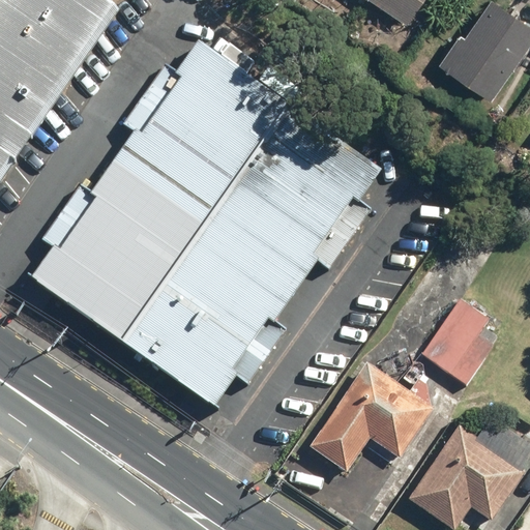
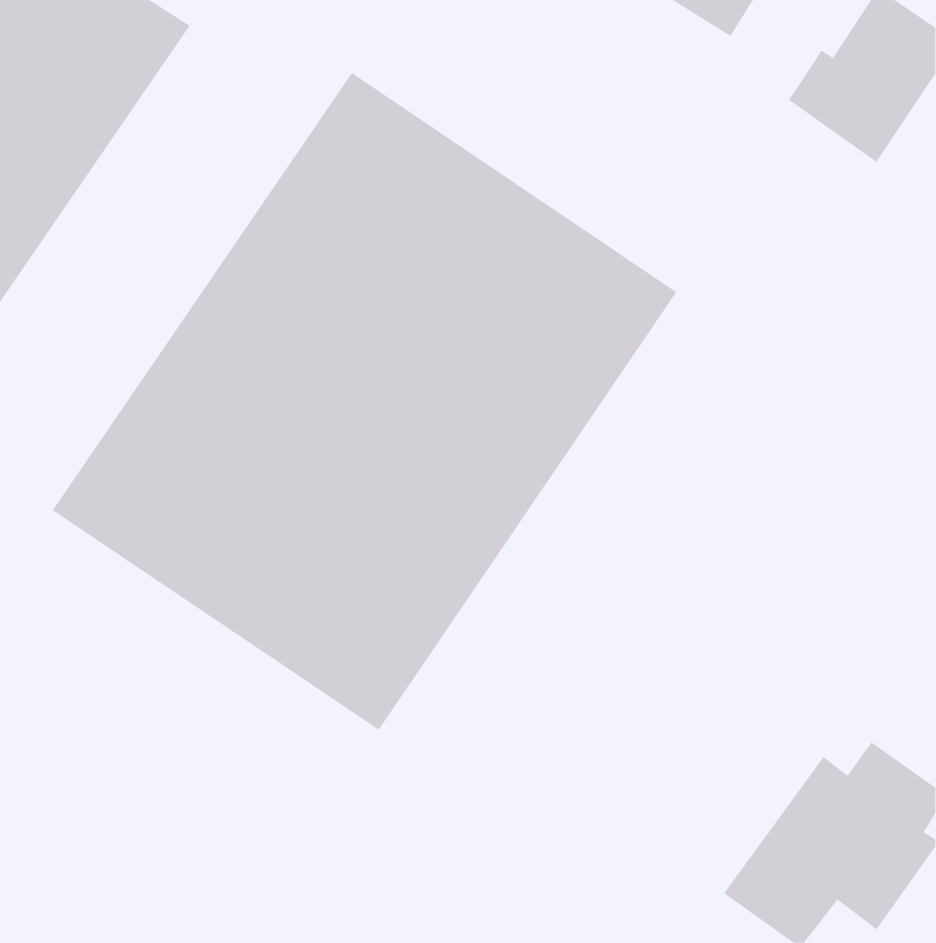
building: [419,296,505,386] -> none
building: [308,360,436,473] -> none

